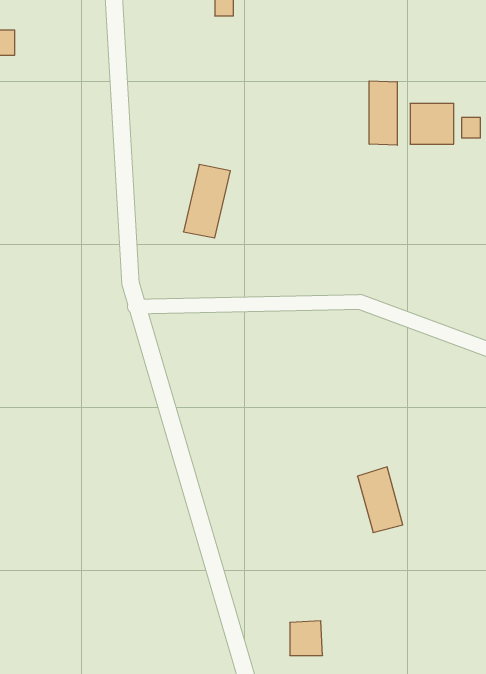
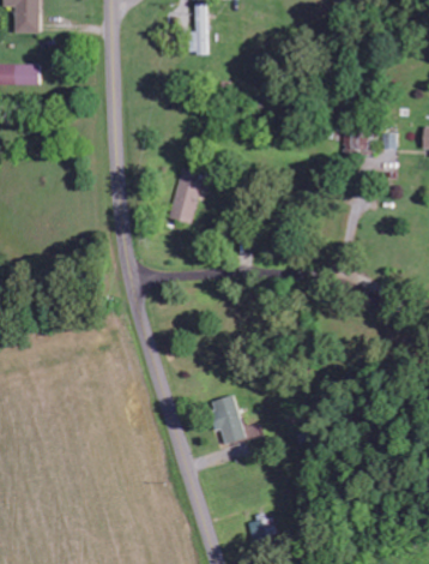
building: [369,81,397,145] -> none
building: [357,467,403,533] -> [212,395,247,445]

